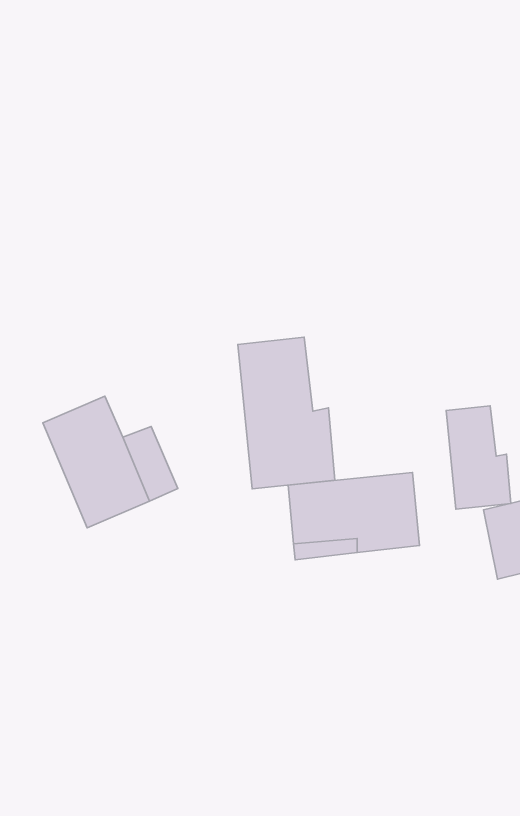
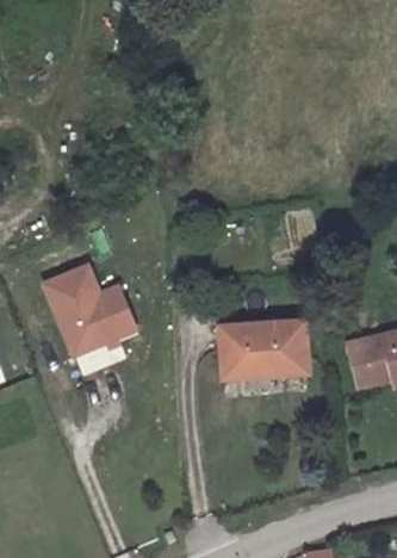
building: [238,337,335,489] -> none
building: [446,406,511,509] -> none

